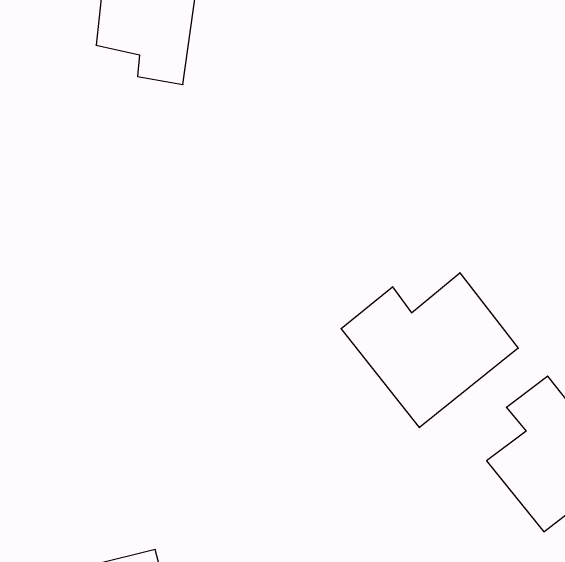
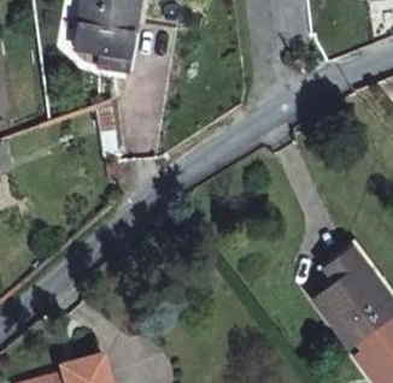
building: [341,273,518,428] -> none

